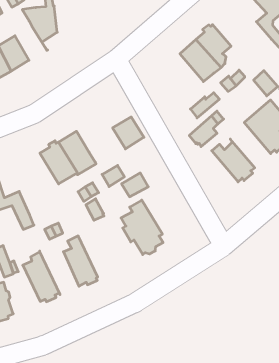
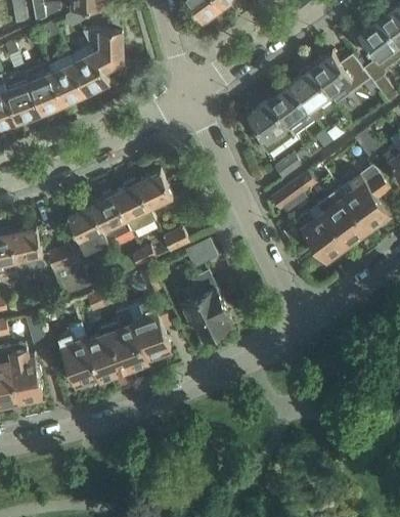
building: none -> [310,52,380,103]
building: none -> [72,52,108,92]
building: none -> [247,99,294,155]
building: [113,117,144,149] -> [136,171,173,209]
building: none -> [317,188,368,244]
building: none -> [61,204,109,291]
building: none -> [128,301,170,359]
building: none -> [80,322,124,380]

